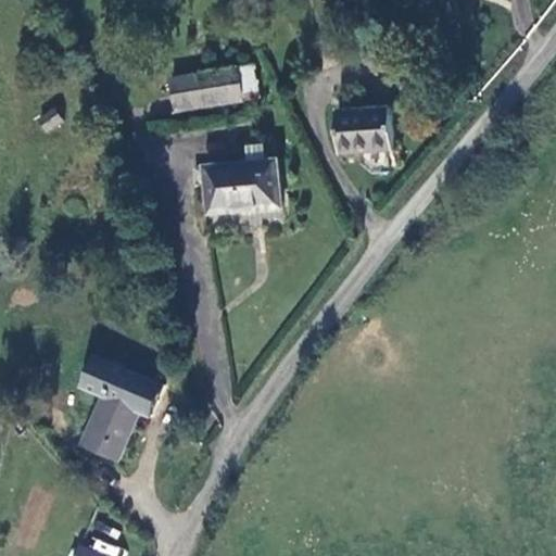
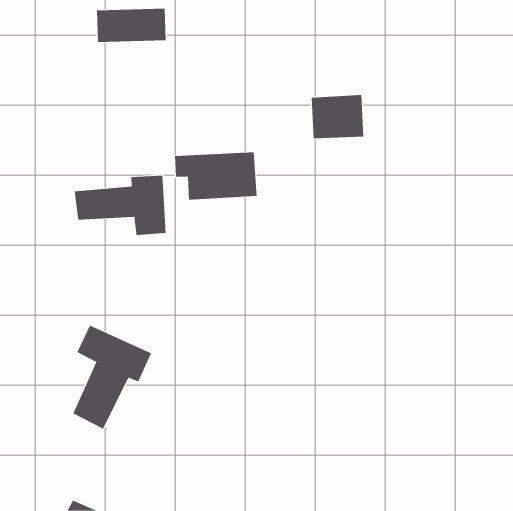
building: [164,71,240,108] -> [96,8,166,42]
building: none -> [74,175,166,236]

